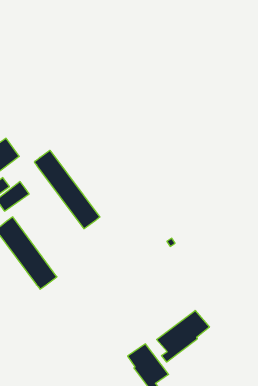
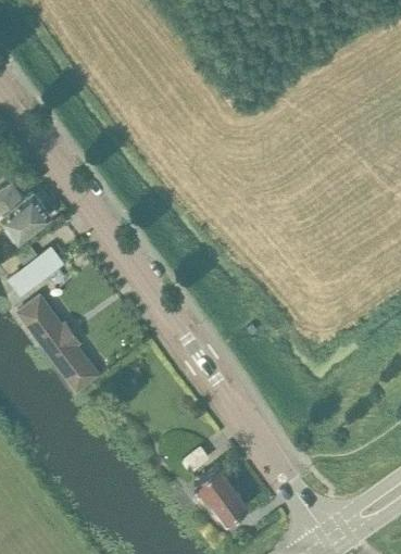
building: [35,150,100,229] -> none
building: [157,310,209,362] -> none

